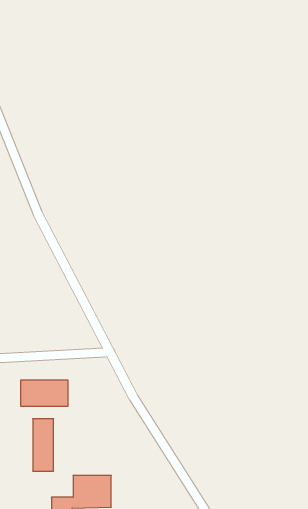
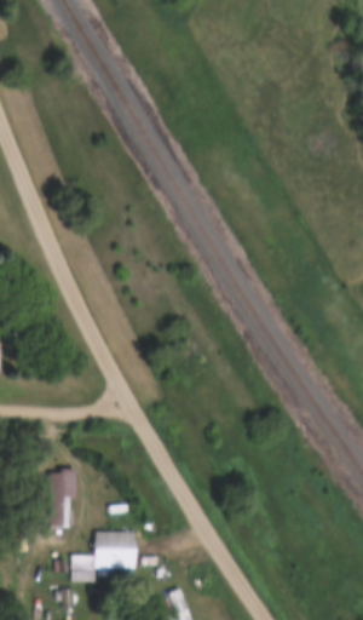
building: [21,380,68,406] -> none

